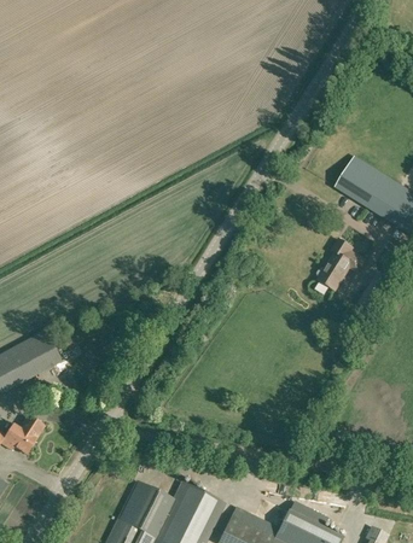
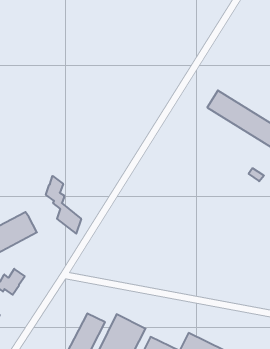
building: [318,239,365,290] -> none
building: none -> [46,176,81,234]

